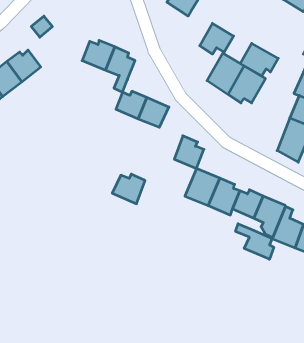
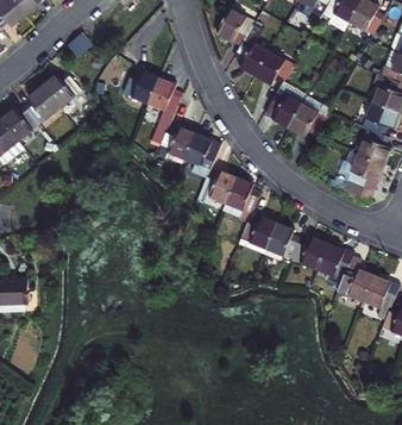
building: none -> [237,35,270,74]
building: [240,43,278,76] -> none
building: [112,174,145,204] -> [200,168,237,201]
building: [236,224,274,259] -> none

